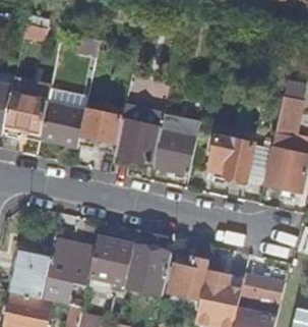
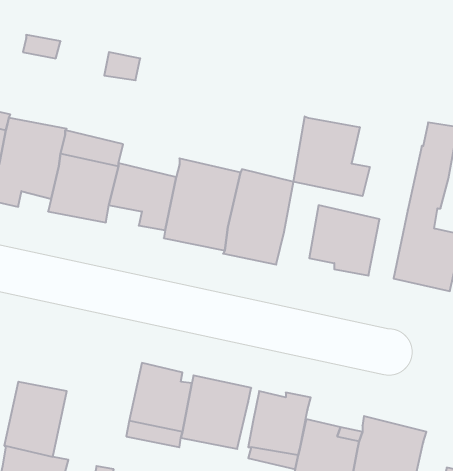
building: none -> [294,116,370,196]
building: [42,239,95,305] -> none

